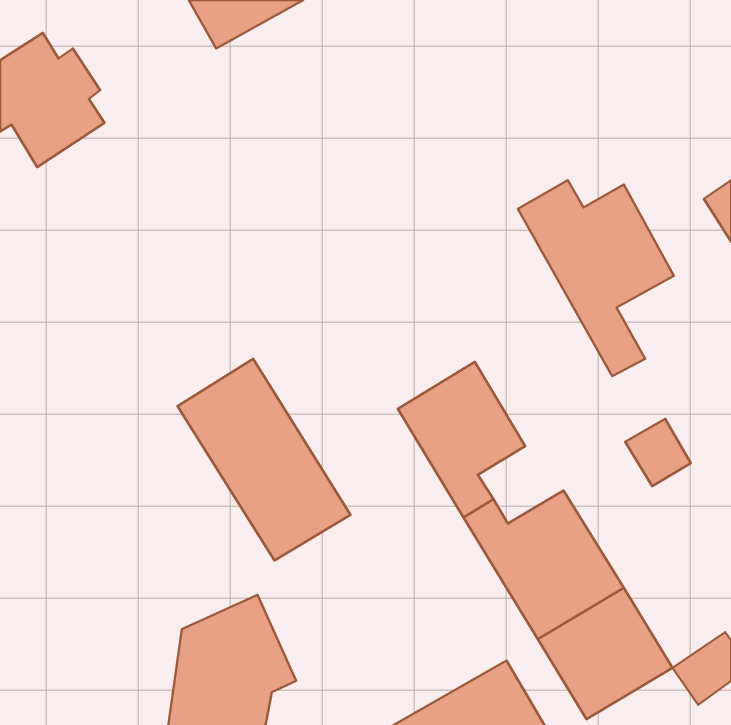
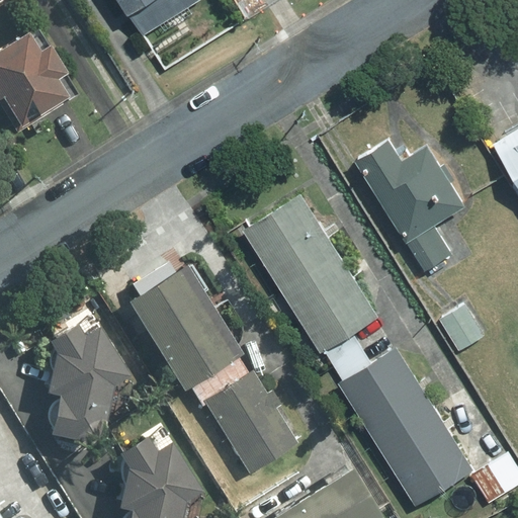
building: none -> [239,190,336,293]
building: none -> [39,317,137,433]
building: none -> [194,368,297,480]

